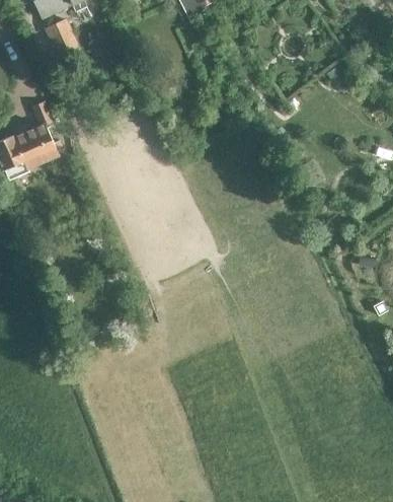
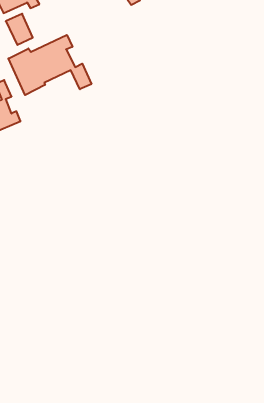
building: none -> [8,35,91,95]

